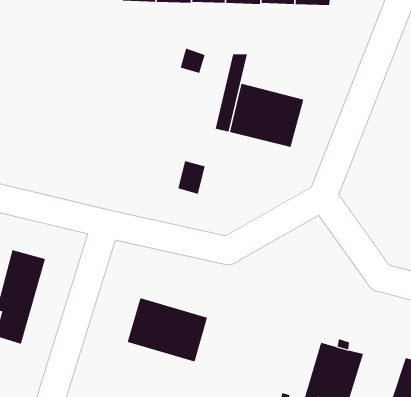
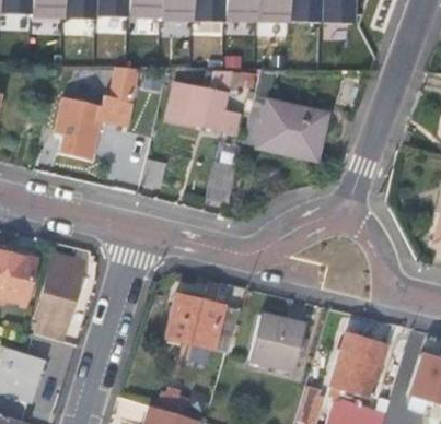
building: none -> [58,68,140,161]
building: none -> [172,84,242,132]
building: none -> [253,310,307,368]

